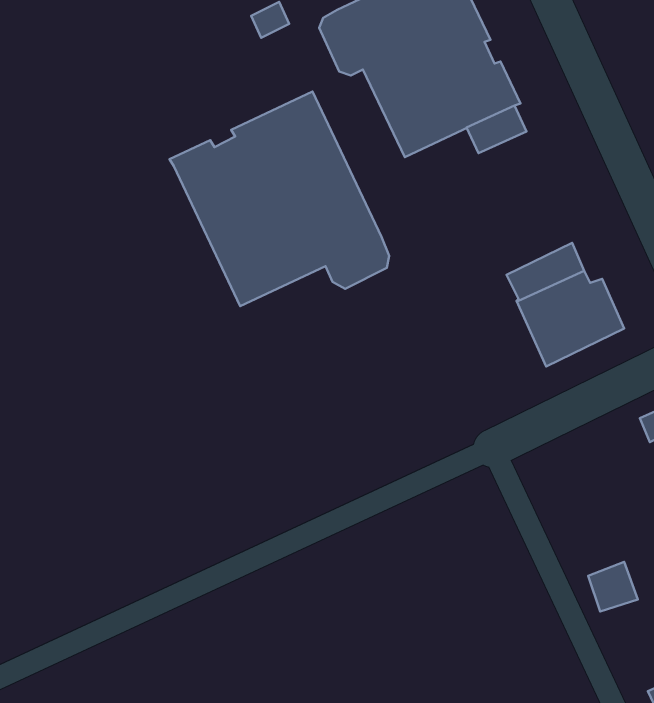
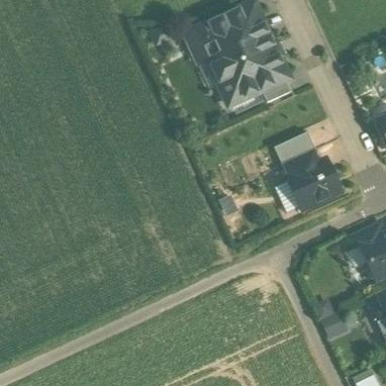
building: [170,91,389,306] -> none
building: none -> [274,131,315,165]

